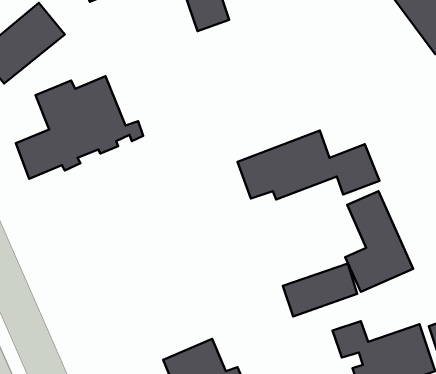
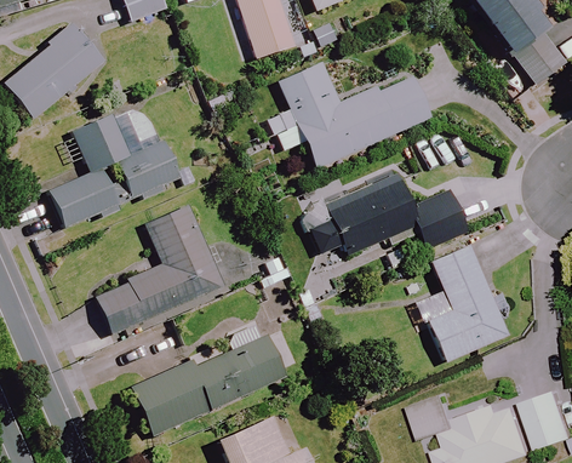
building: none -> [280,61,430,166]
building: none -> [97,207,223,333]
building: [283,264,357,317] -> none
building: none -> [135,336,285,434]

